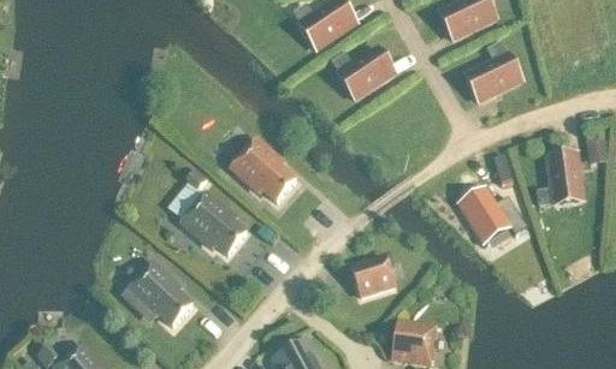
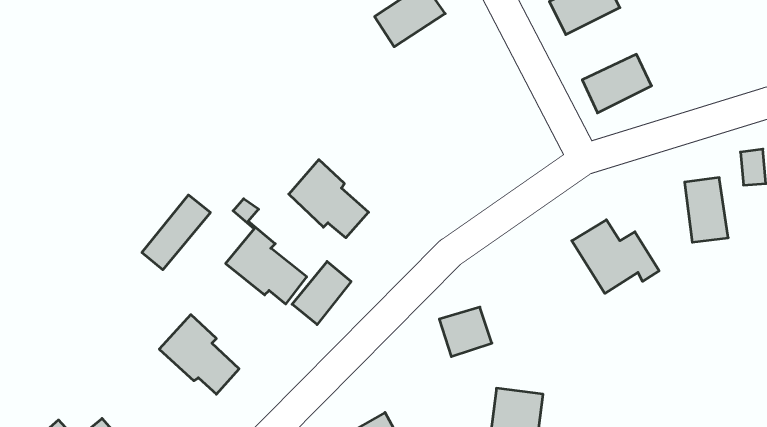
building: [338,48,395,99] -> none
building: none -> [142,195,210,270]
building: none -> [292,261,351,325]

